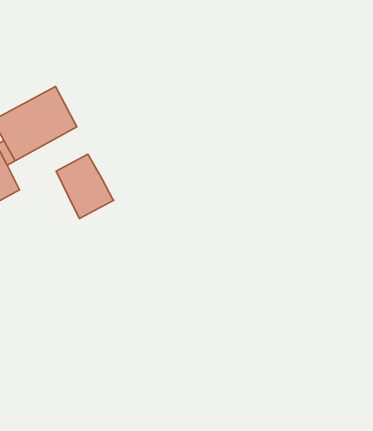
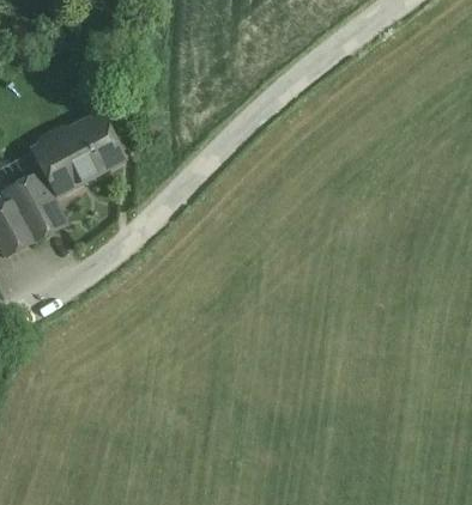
building: [56,154,114,218] -> none

